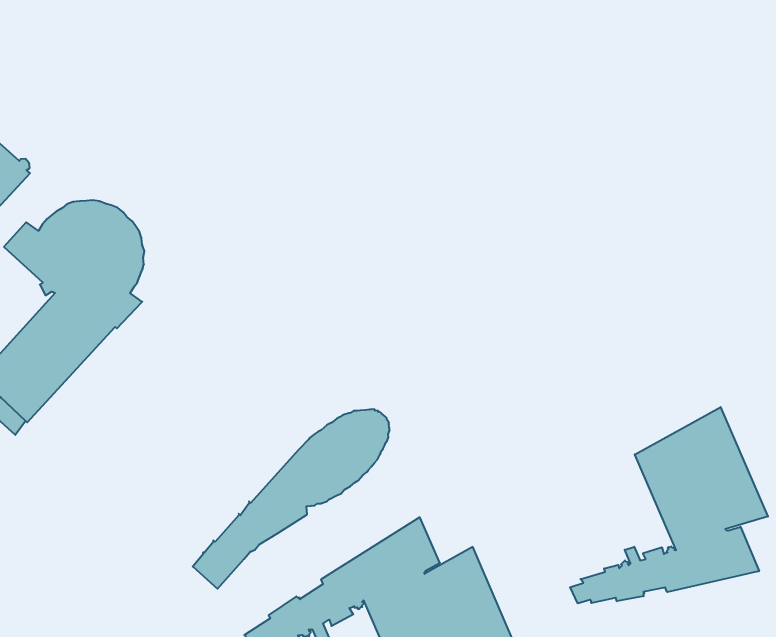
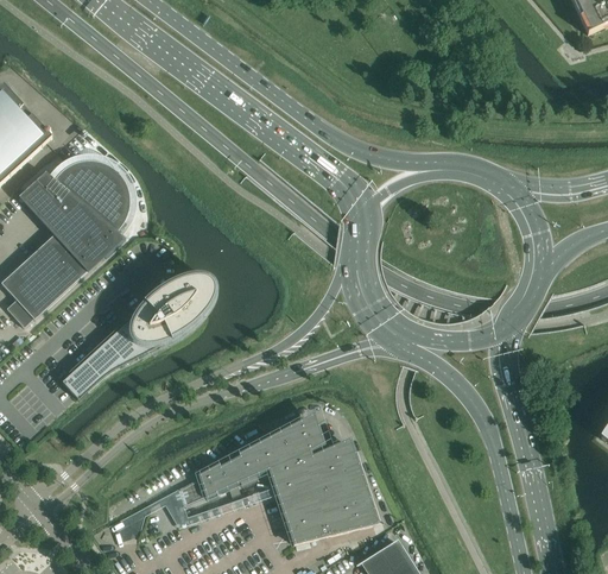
building: [570,407,768,603] -> none
building: [193,409,390,589] -> [62,278,214,399]

